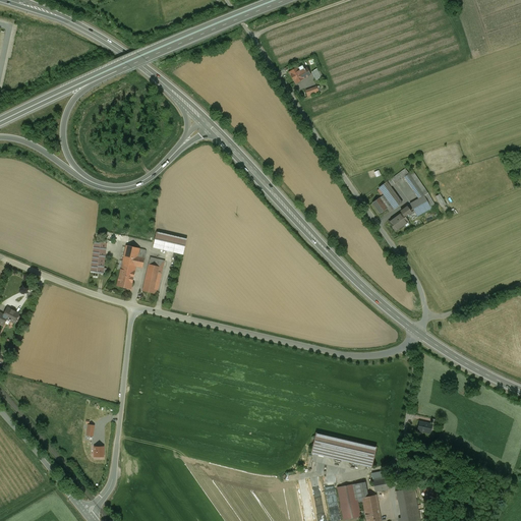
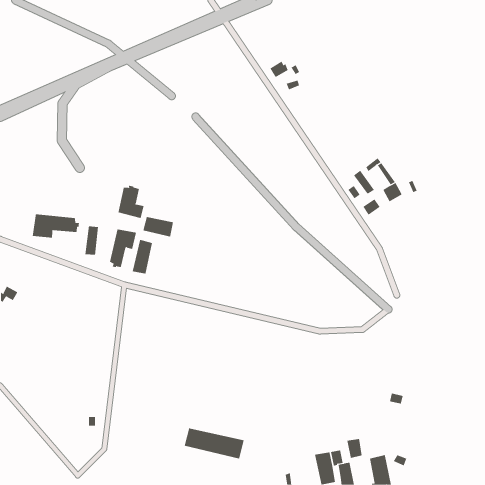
building: none -> [118,185,144,219]
building: none -> [32,214,79,239]
building: [311,433,377,467] -> [184,428,245,459]

